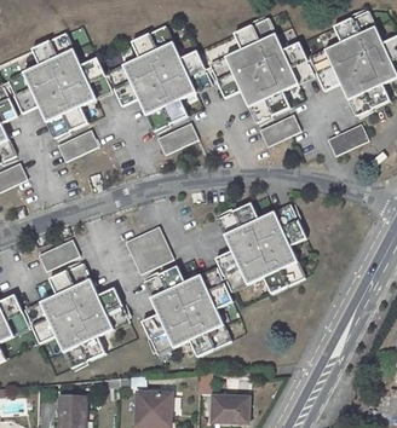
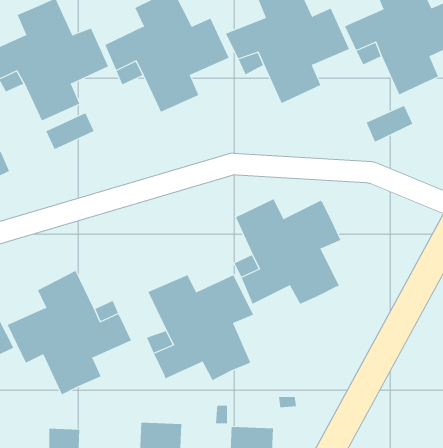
building: [259,114,300,148] -> none
building: [157,123,197,155] -> none
building: [125,226,173,274] -> none
building: [39,239,79,272] -> none

